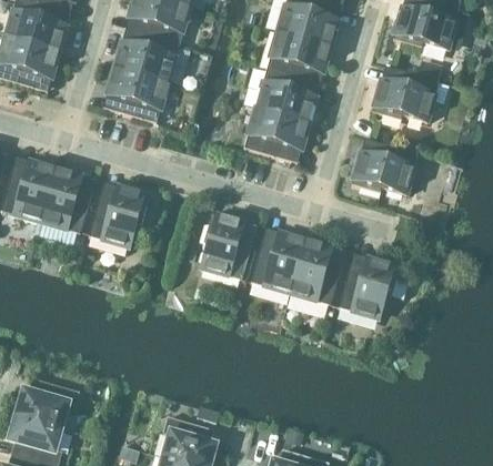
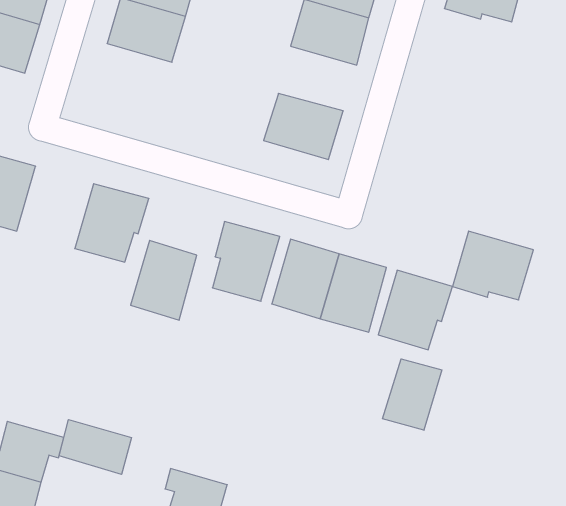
building: [371,65,437,122] -> none
building: [101,67,167,122] -> none
building: [254,69,319,122] -> none
building: [350,138,416,194] -> [452,231,533,300]
building: [39,168,93,233] -> [131,240,197,320]
building: none -> [382,359,442,430]
building: none -> [59,420,131,474]

